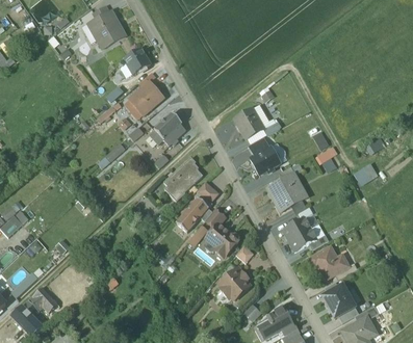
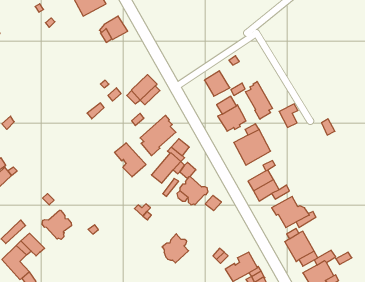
building: [129,81,162,114] -> none
building: none -> [245,81,273,119]
building: none -> [115,143,146,177]
building: none -> [42,210,71,239]
building: [220,267,249,299] -> [162,234,189,263]

